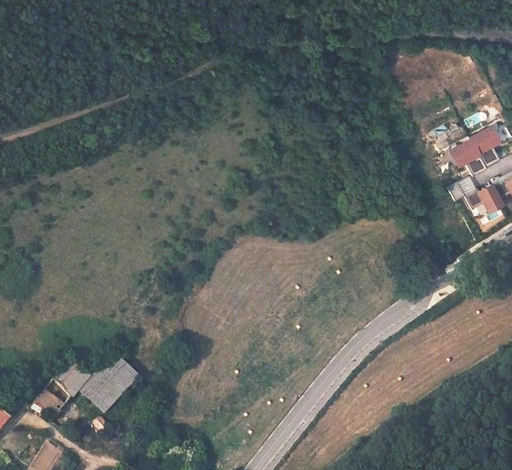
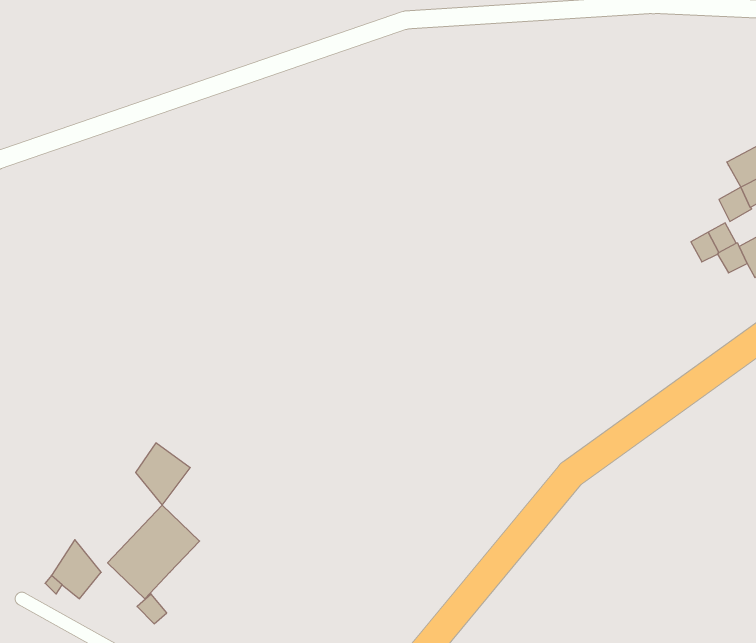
building: [451,139,480,164] -> none
building: [53,360,88,400] -> [136,443,190,505]

